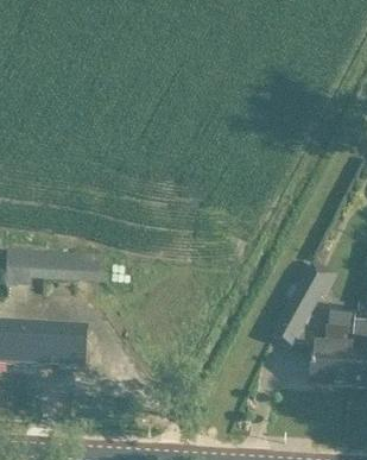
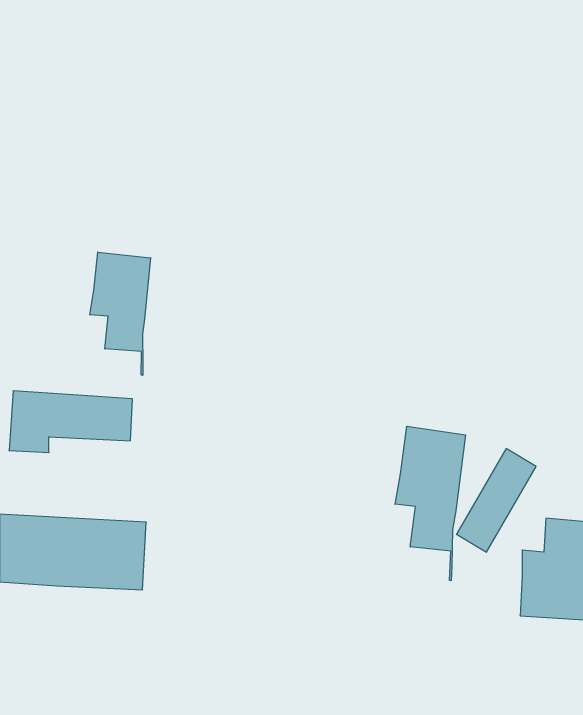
building: none -> [90,252,151,375]
building: none -> [395,426,465,581]

